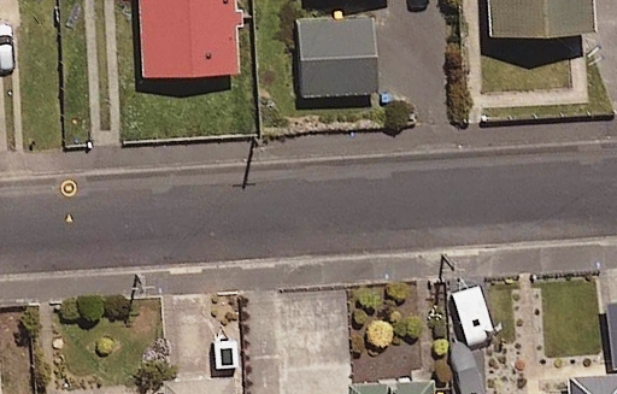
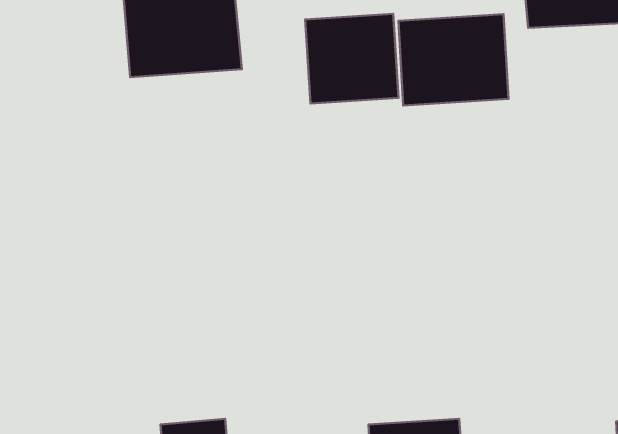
building: none -> [398,14,509,105]

